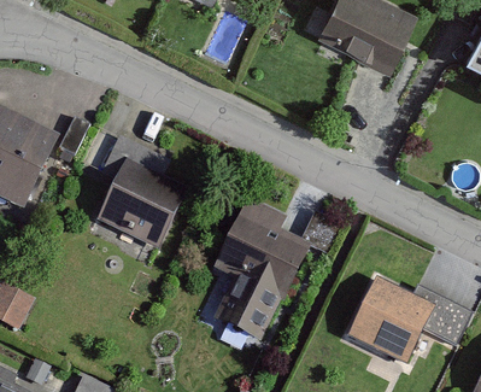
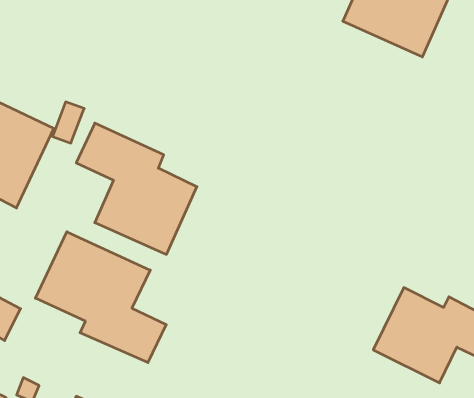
building: [215,204,335,344] -> none
building: none -> [35,232,166,363]

